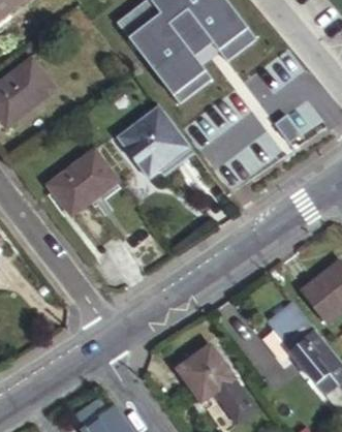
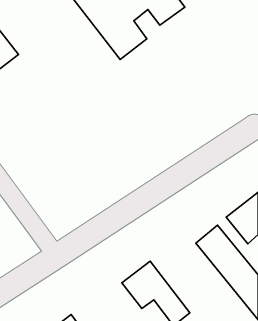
building: [118,102,192,178] -> none
building: [46,151,117,217] -> none

